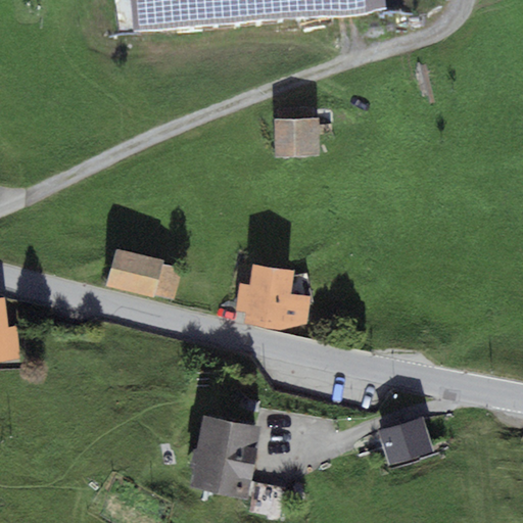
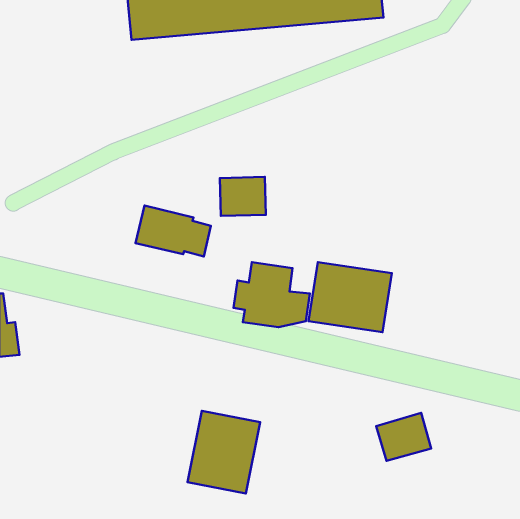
building: [273,115,319,154] -> [220,177,266,216]
building: [105,246,181,297] -> [135,205,211,256]
building: none -> [309,262,392,332]

